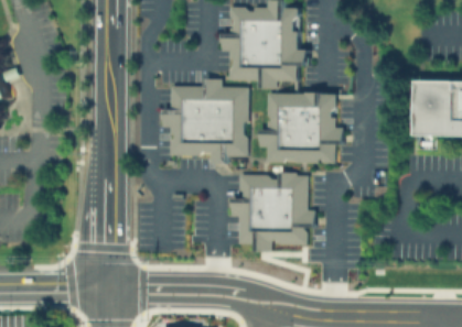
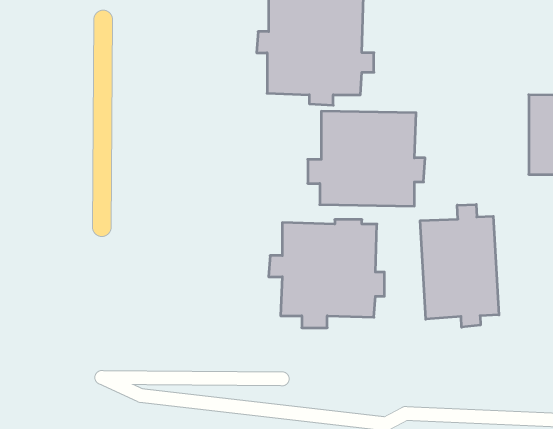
building: [161,78,248,163] -> none
building: none -> [420,204,499,327]

